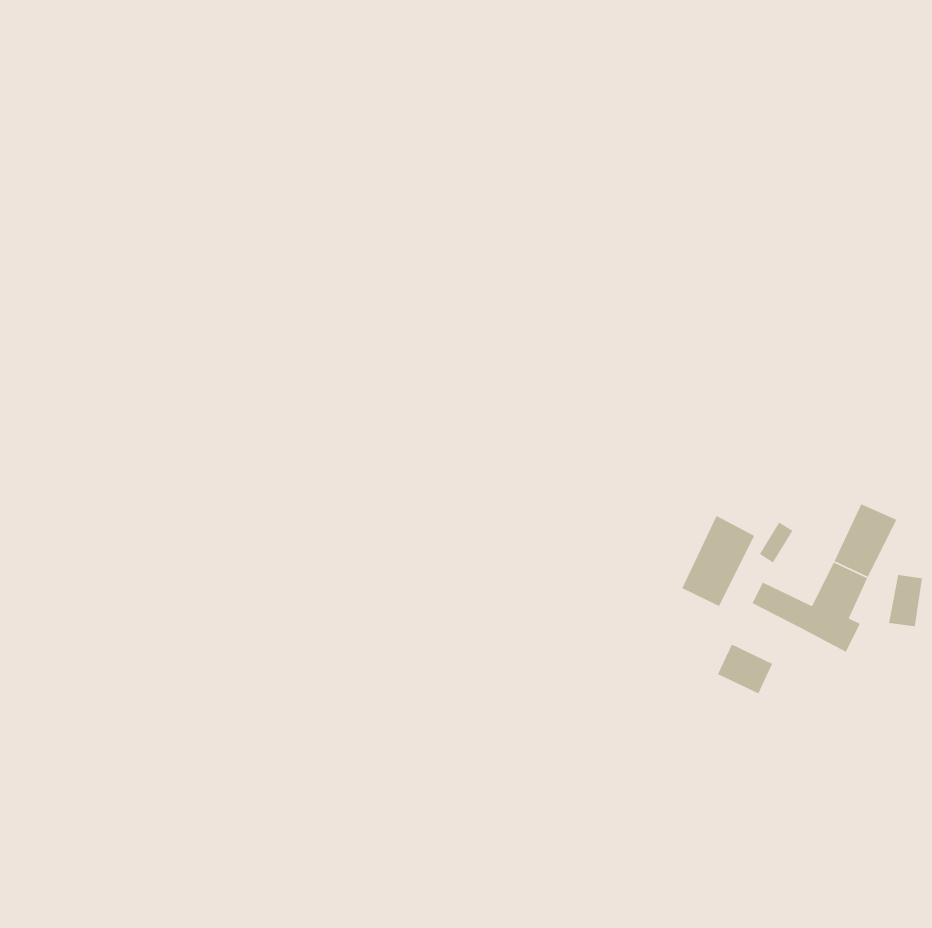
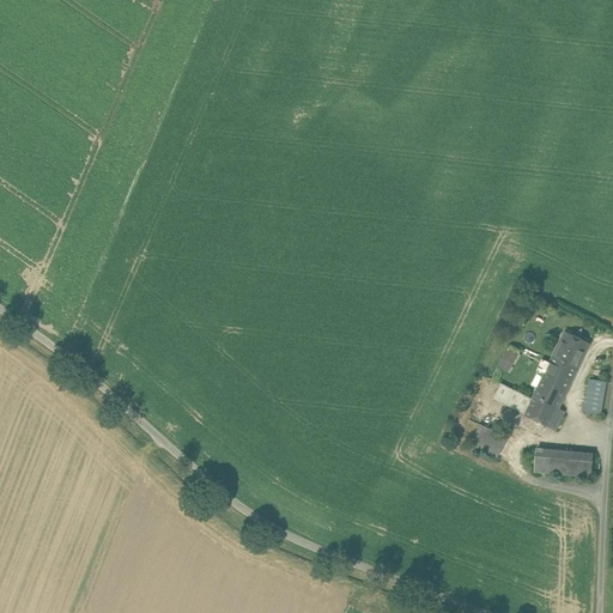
building: [681,515,755,607] -> none
building: none -> [534,448,593,474]

